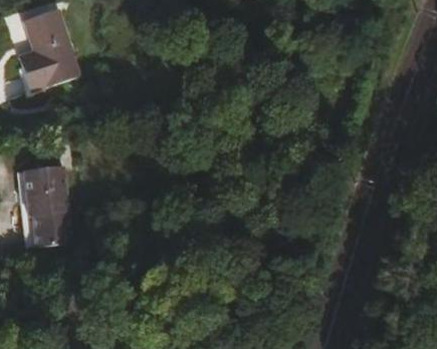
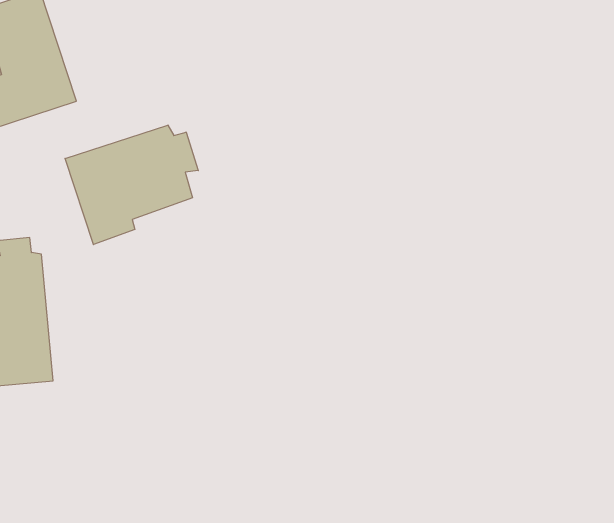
building: none -> [65,125,198,245]

